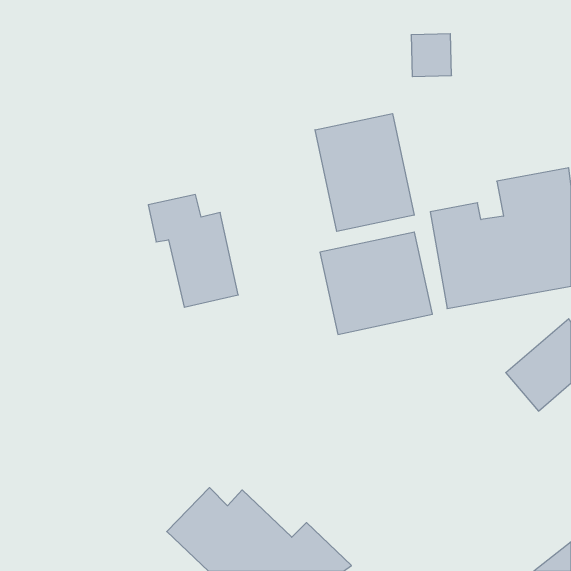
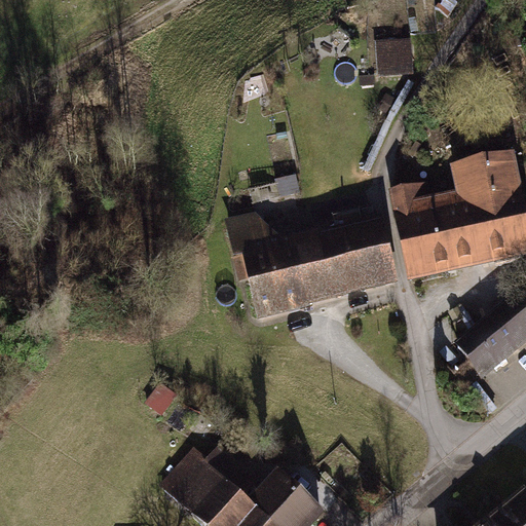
building: [315,114,414,231] -> none
building: [148,195,238,307] -> [226,214,308,316]

